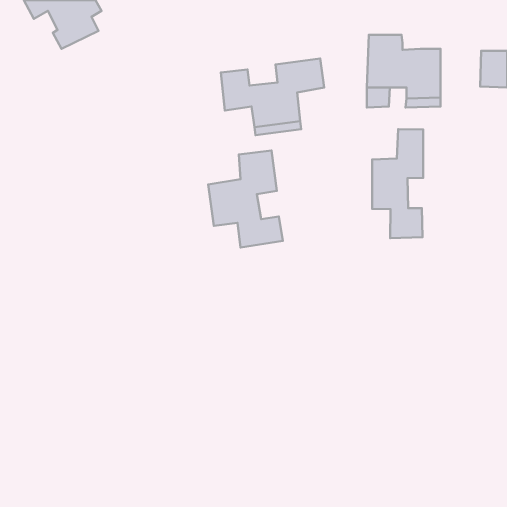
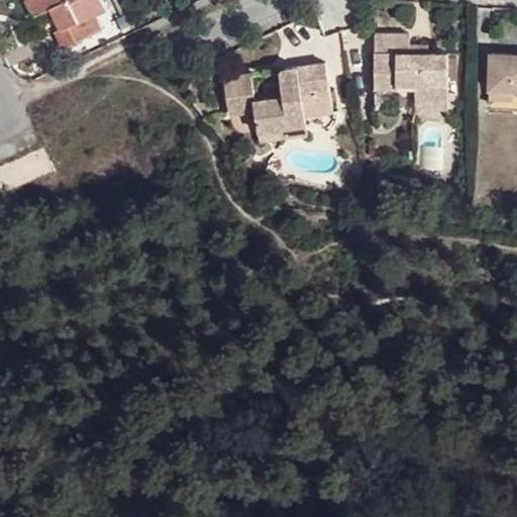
building: [372,129,423,238] -> none
building: [208,150,283,247] -> none

